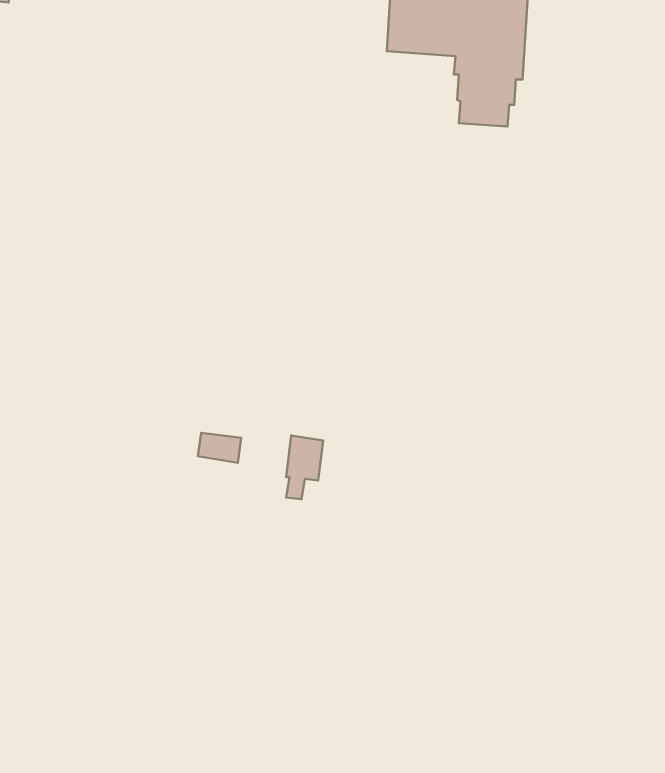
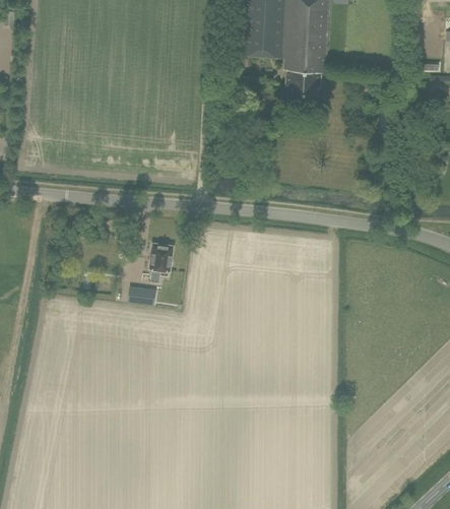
building: [286,435,323,499] -> [149,242,172,280]

